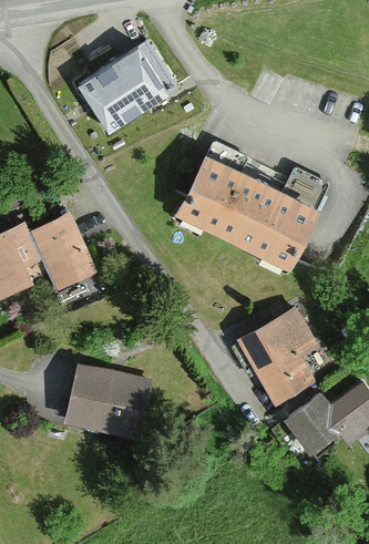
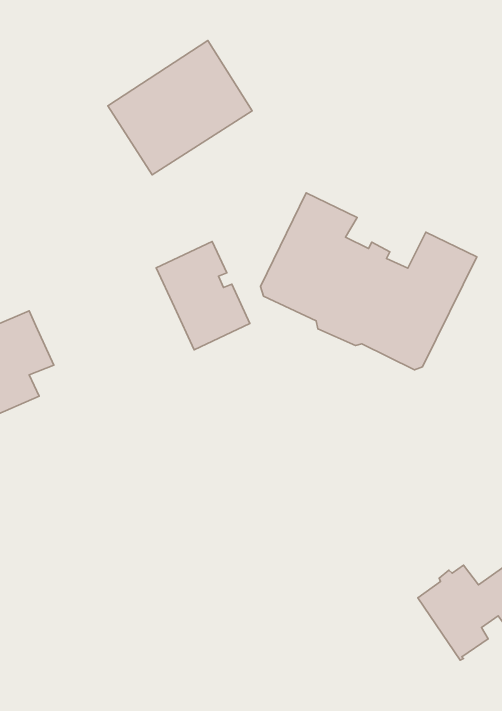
building: [29,217,92,290] -> [156,242,250,350]
building: [239,311,315,411] -> none
building: [66,368,148,435] -> none

